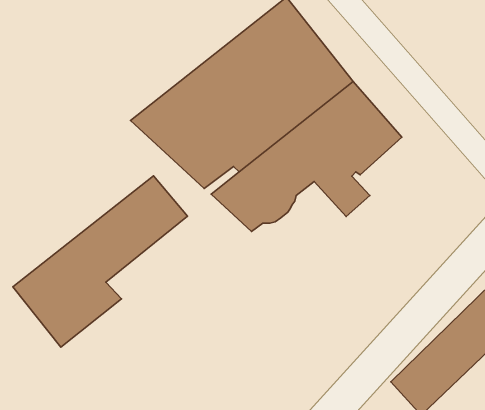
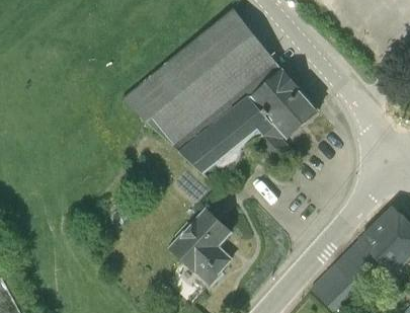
building: [13,176,187,347] -> none
building: none -> [169,209,230,285]

